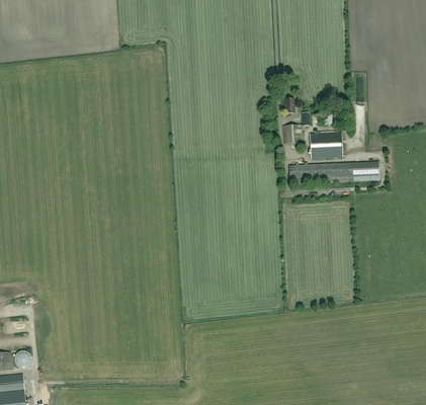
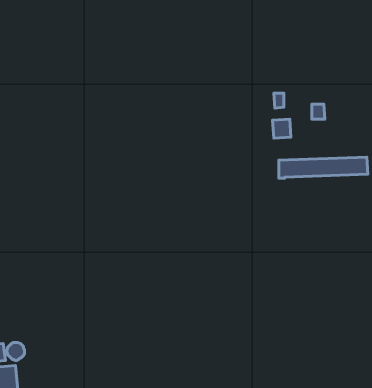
building: [309,132,342,158] -> none

